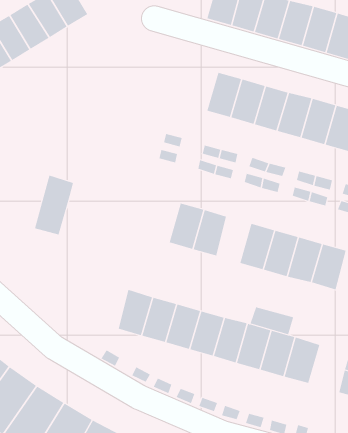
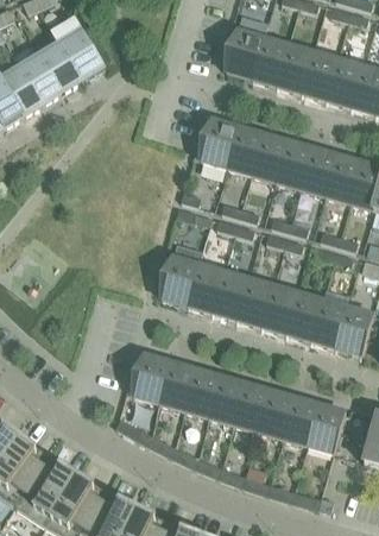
building: none -> [200,116,238,165]
building: [34,175,74,235] -> [160,240,202,303]
building: none -> [236,276,272,324]
building: [250,306,294,335] -> none

